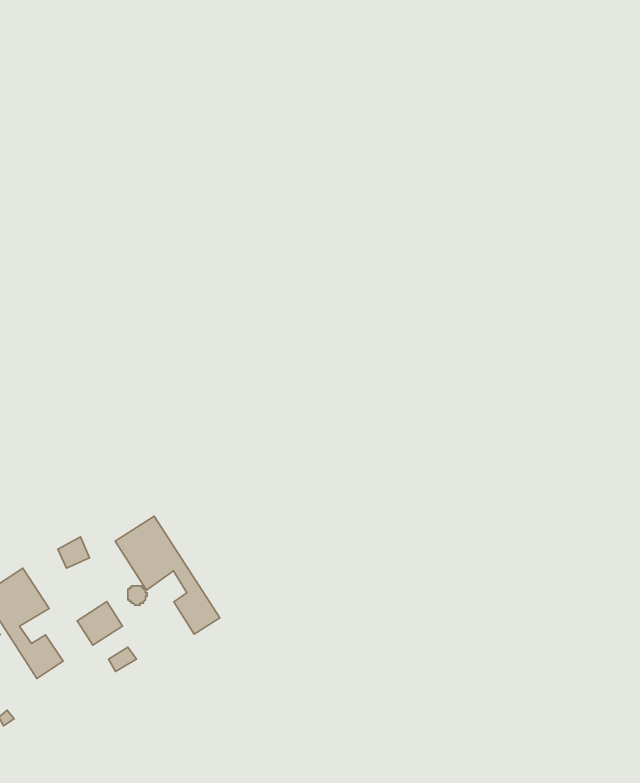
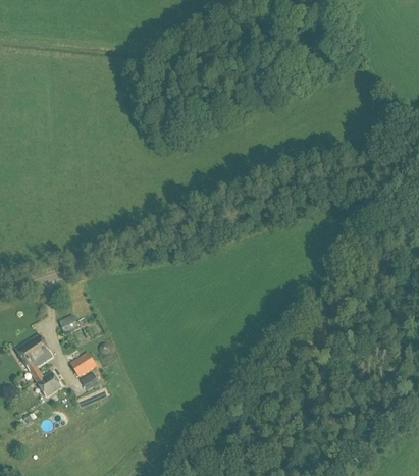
building: [115,516,220,634] -> none

